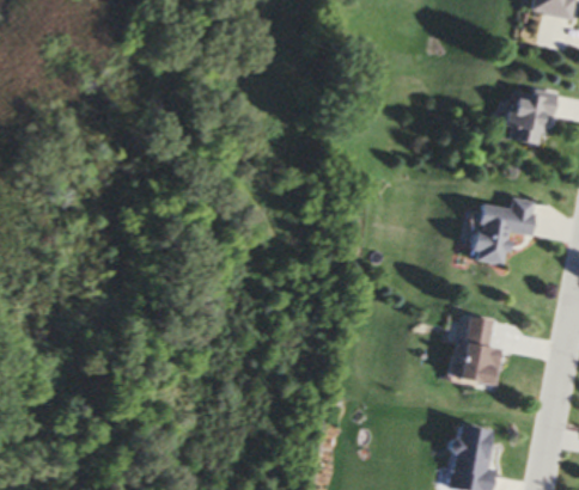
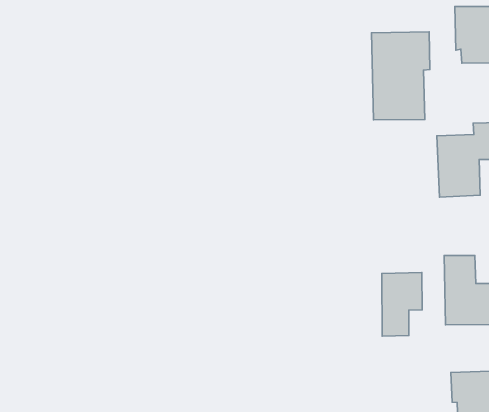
building: none -> [372,32,430,120]
building: none -> [382,273,422,336]

